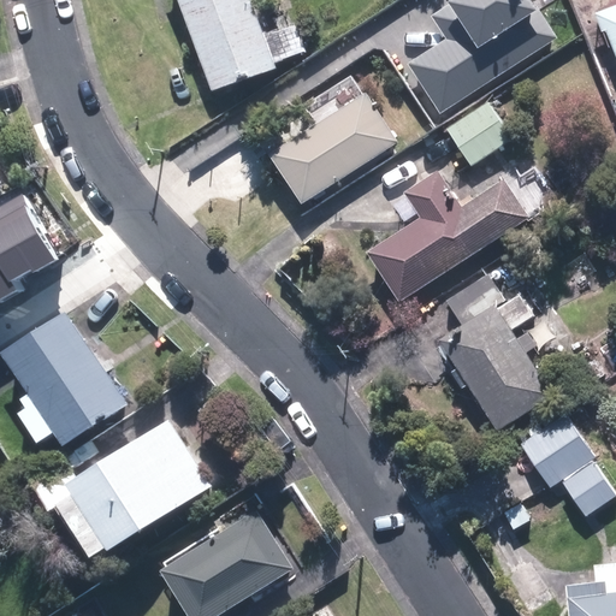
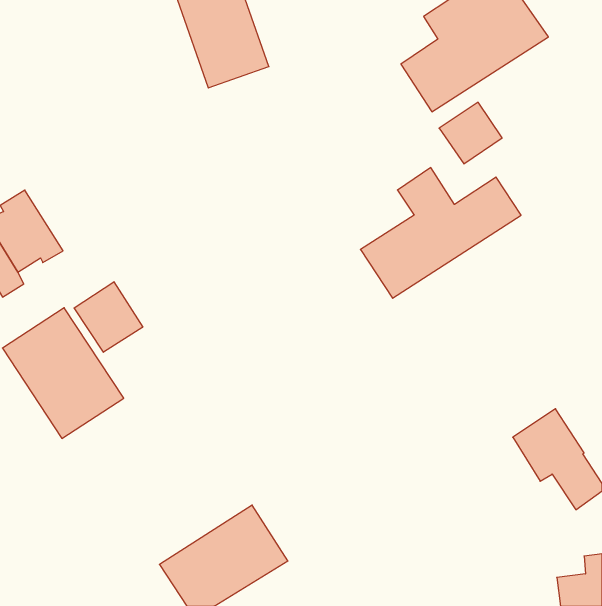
building: [268,93,396,203] -> none
building: [437,273,551,431] -> none
building: none -> [74,282,143,352]
building: [67,420,211,550] -> none

